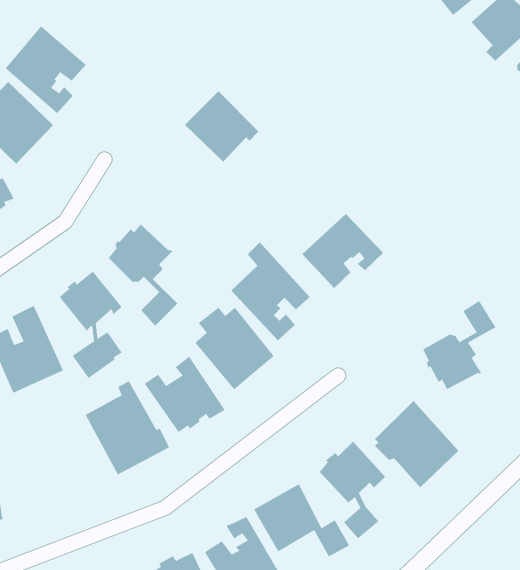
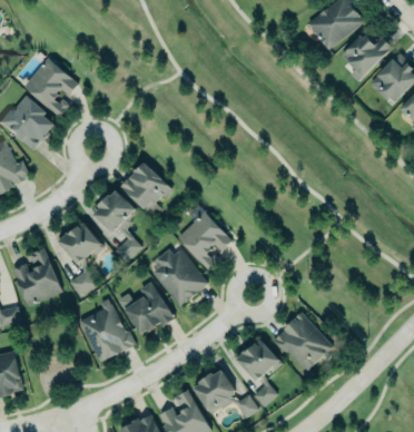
building: [184,91,259,163] -> [121,163,172,212]
building: [302,213,384,289] -> none
building: [422,300,496,390] -> none

